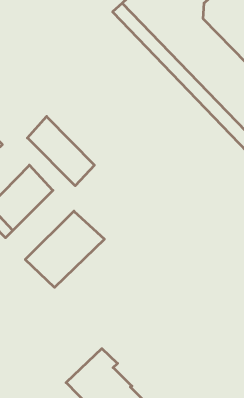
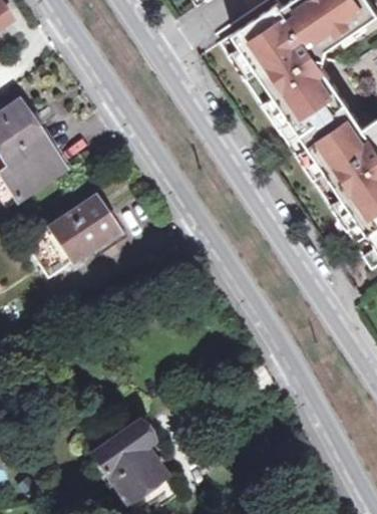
building: [27,116,94,186] -> none
building: [25,211,104,287] -> none

